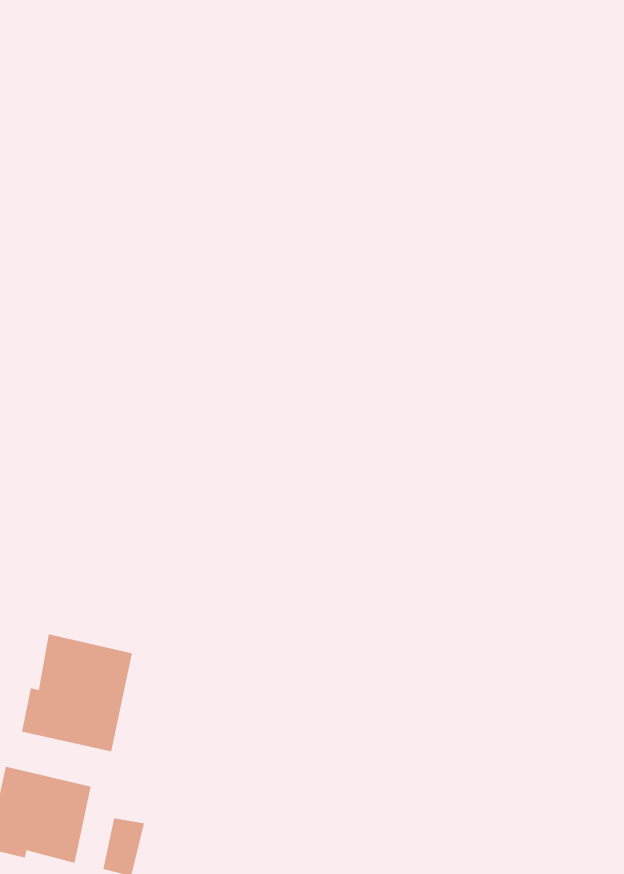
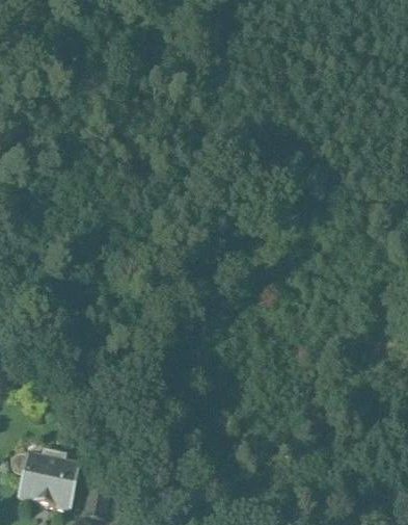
building: [21,633,132,752] -> none

